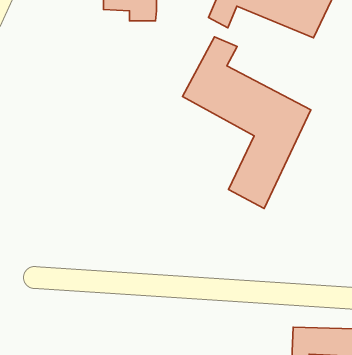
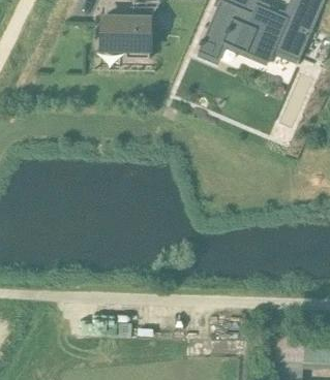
building: [182,37,311,208] -> none

